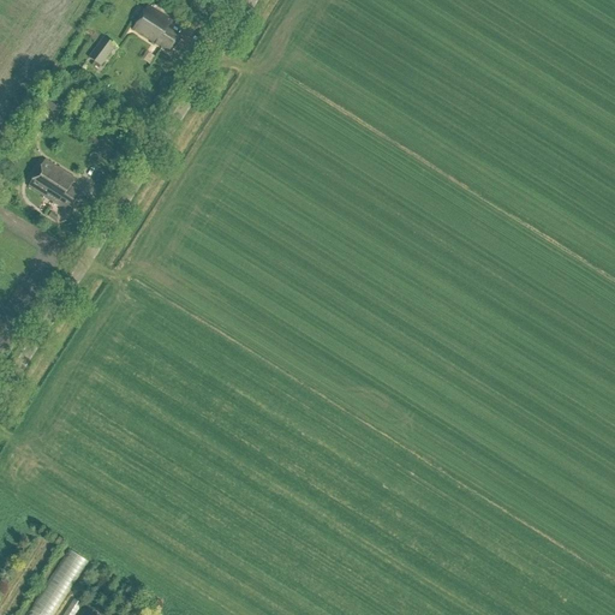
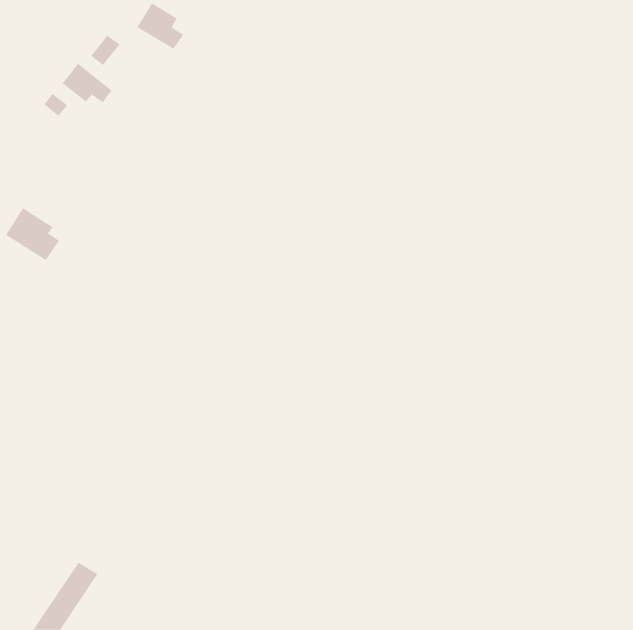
building: none -> [62,63,112,103]
building: [28,157,80,209] -> [5,207,60,261]

